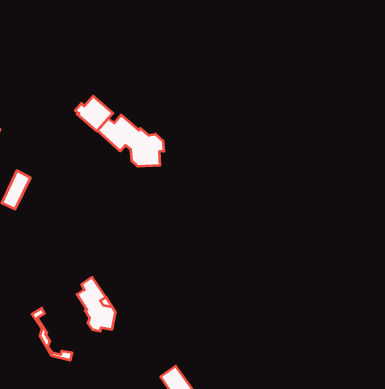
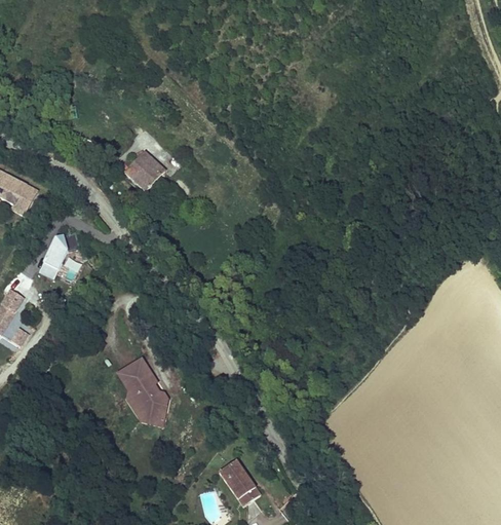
building: [97,115,164,166] -> none
building: [32,308,72,360] -> [118,366,164,425]

